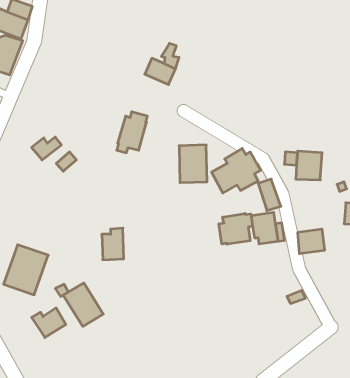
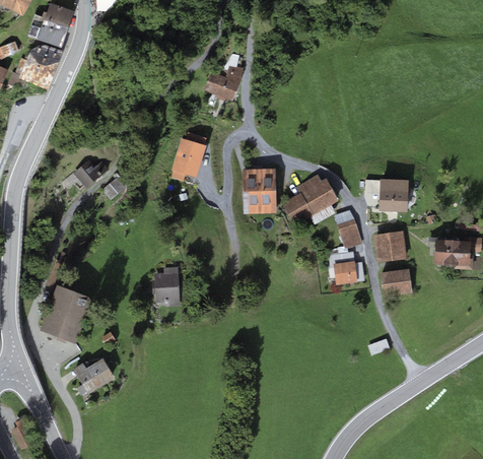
building: none -> [374,232,407,263]
building: [219,213,253,244] -> none
building: [63,283,103,326] -> none

